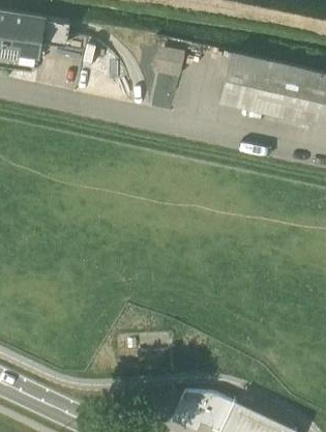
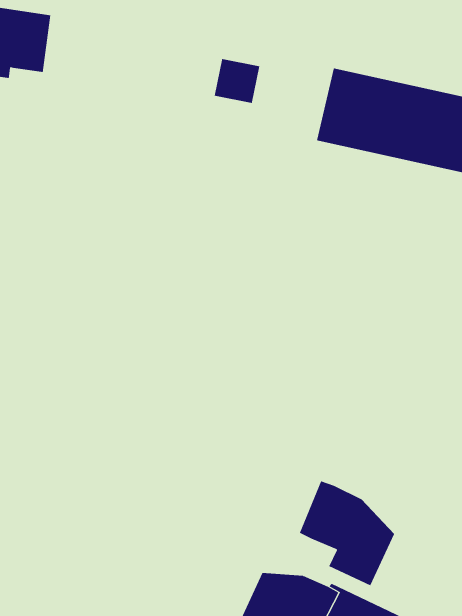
building: none -> [299,480,395,586]

